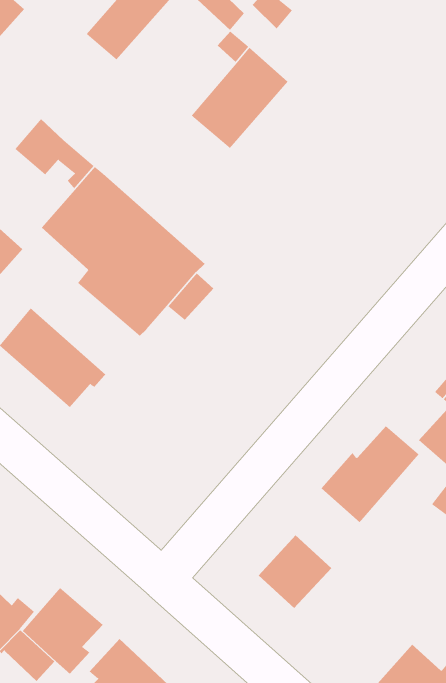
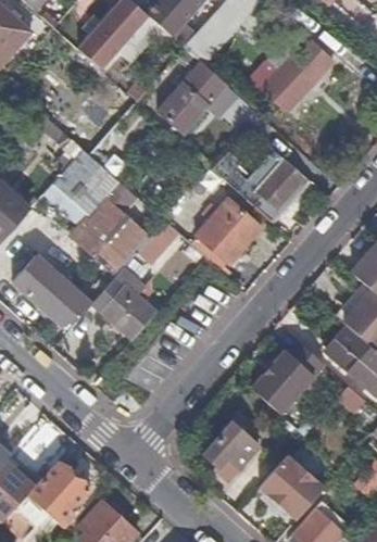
building: none -> [265,41,329,106]
building: none -> [212,150,305,220]
building: none -> [197,198,262,263]
building: none -> [91,269,154,339]
building: none -> [260,455,324,519]

